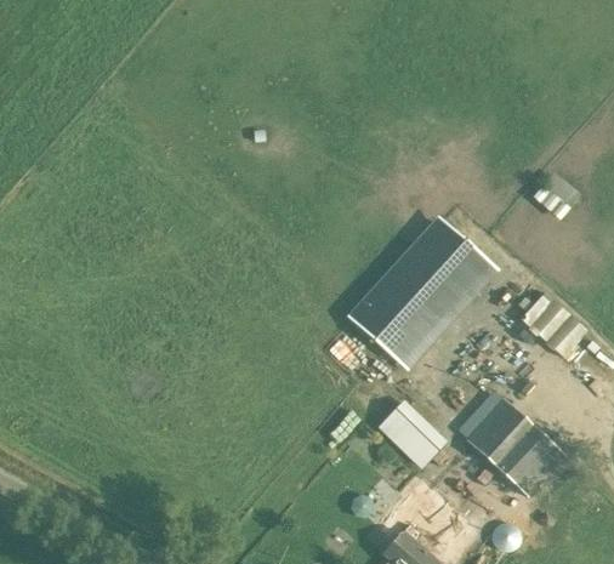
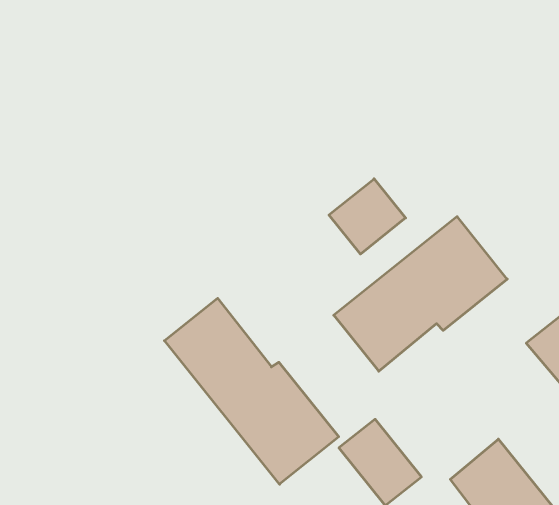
building: none -> [329,179,406,254]
building: none -> [164,298,339,484]

